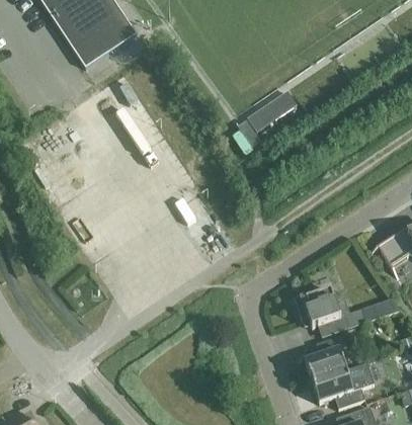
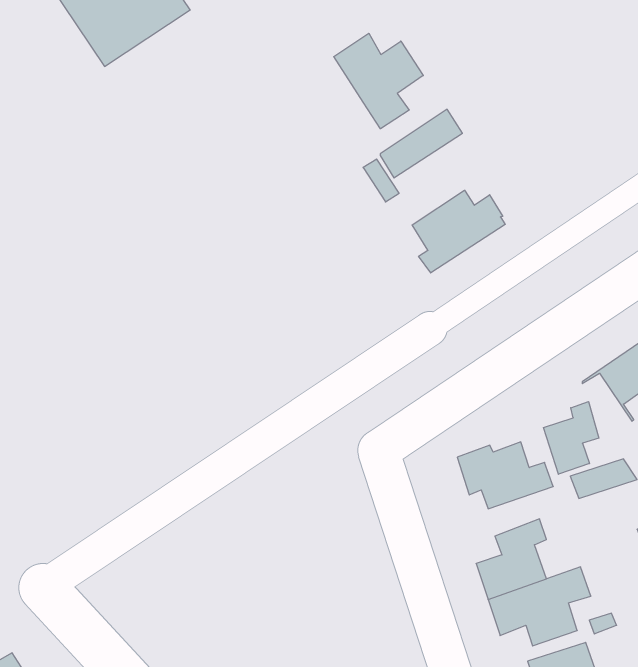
building: none -> [334,33,423,129]
building: none -> [412,190,505,273]
building: none -> [543,402,599,474]

